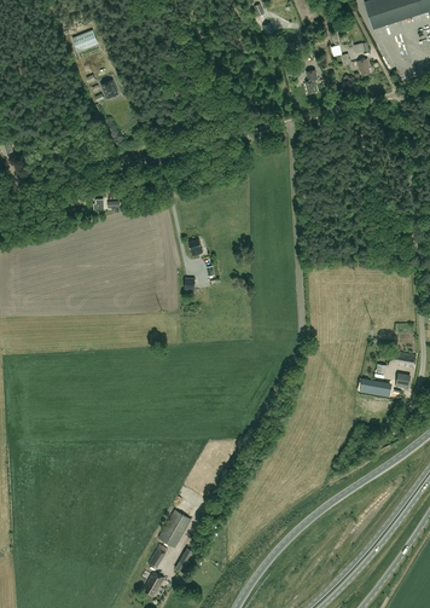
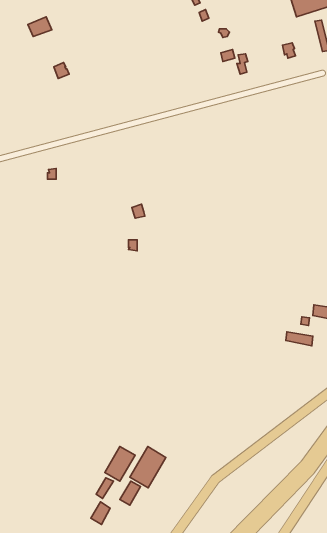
building: none -> [130,446,166,488]

